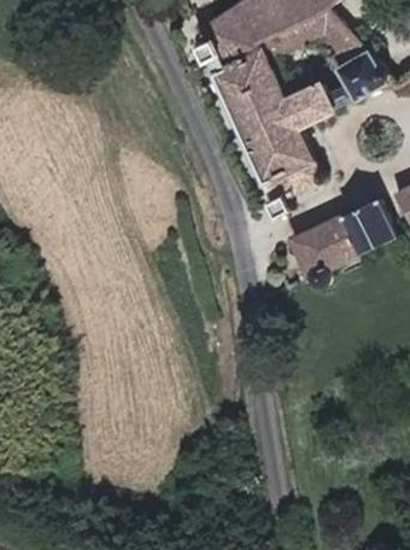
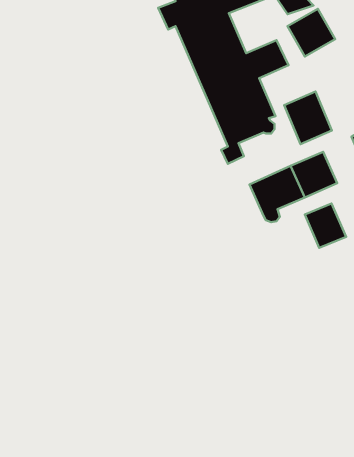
building: none -> [284,92,332,144]
building: none -> [305,204,346,248]

